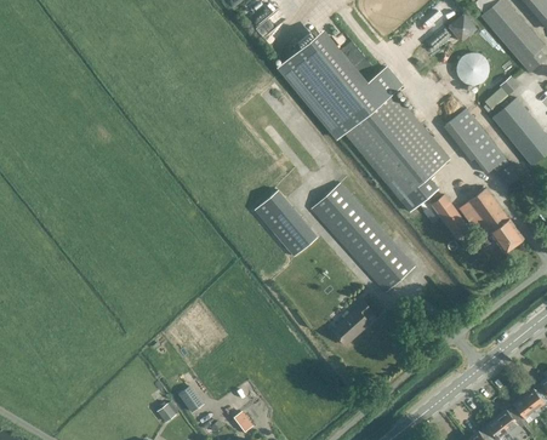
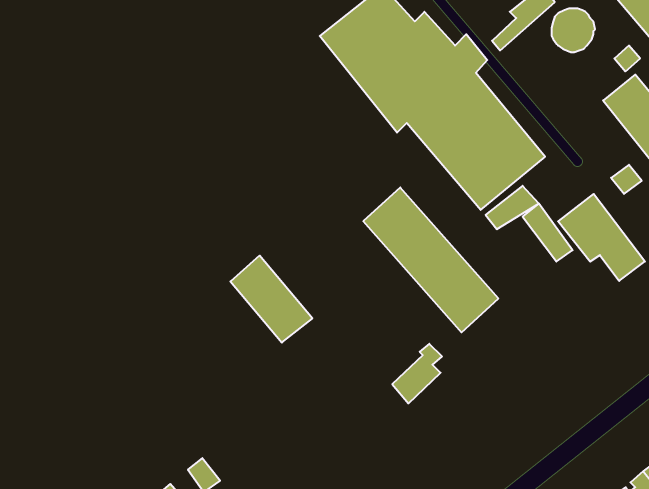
building: [448,108,503,172] -> none
building: [253,189,315,255] -> [230,256,312,343]

